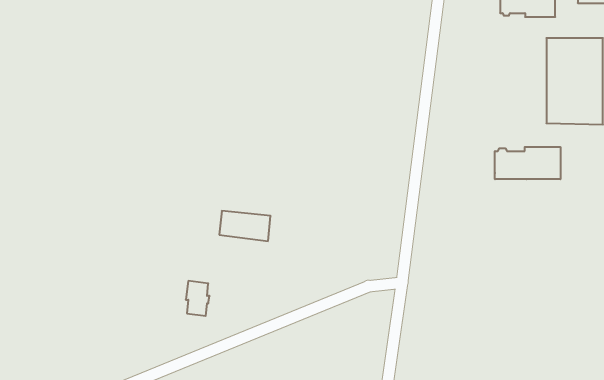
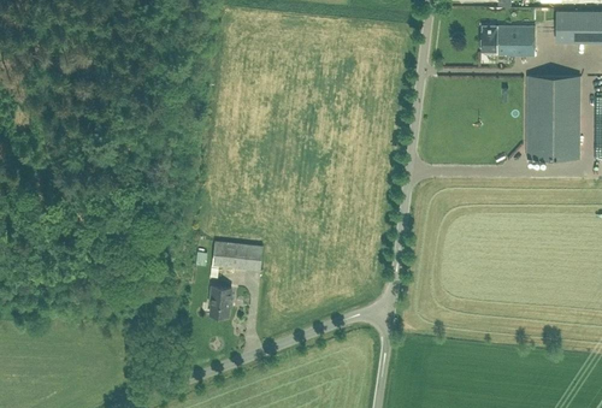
building: [495,147,560,179] -> none
building: [186,281,210,316] -> [208,285,231,319]

